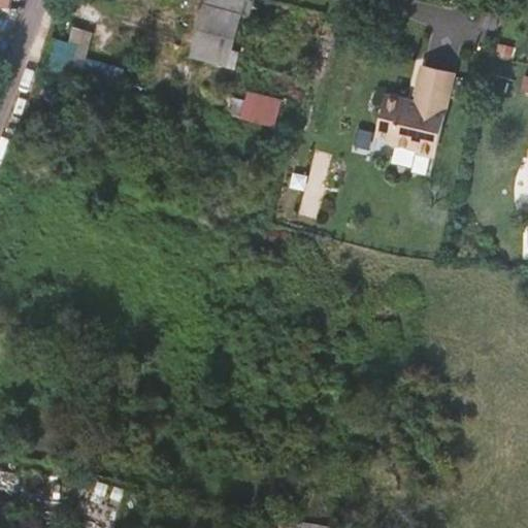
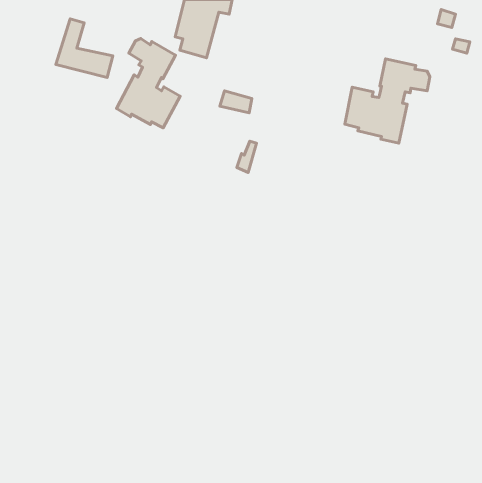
building: none -> [116,39,180,128]

